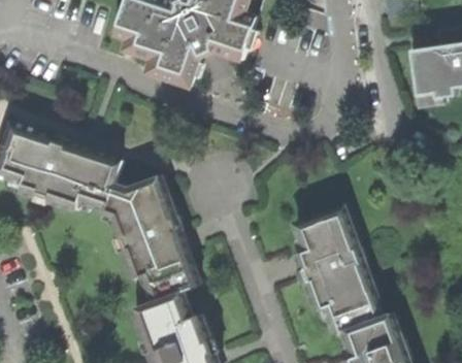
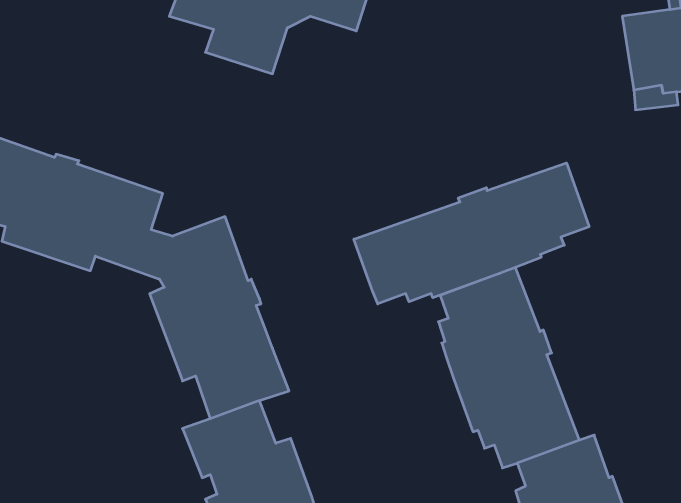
building: none -> [354,163,589,304]

